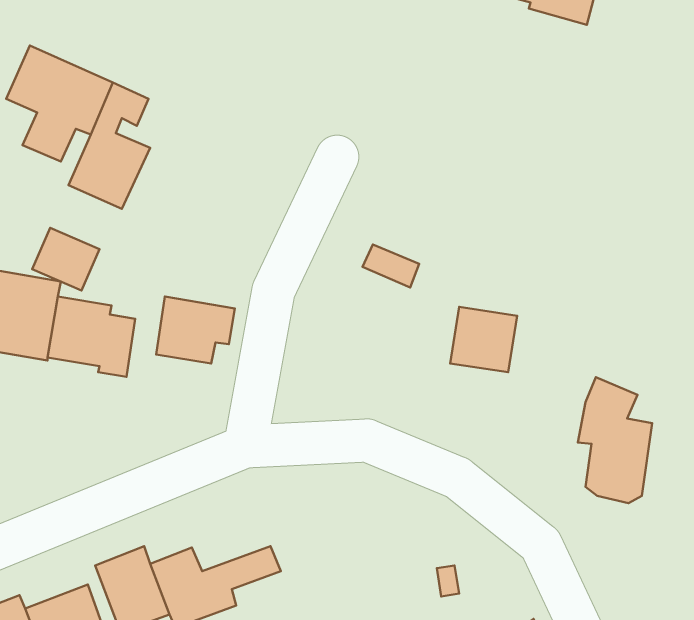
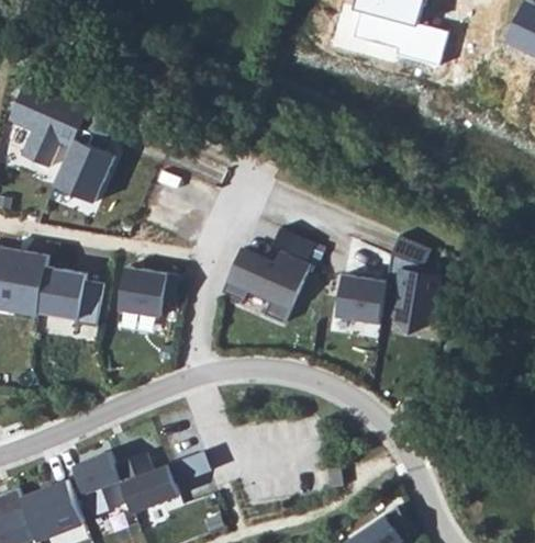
building: [32,228,99,290] -> none
building: none -> [221,250,309,320]
building: [578,377,652,503] -> [384,236,439,329]

